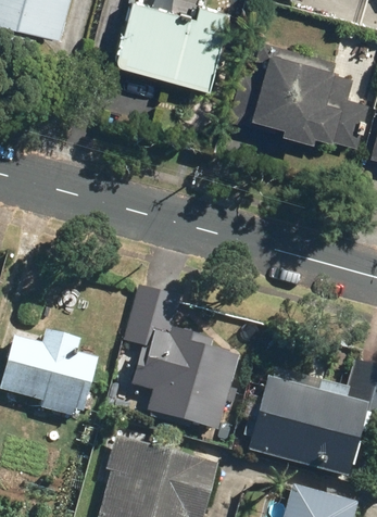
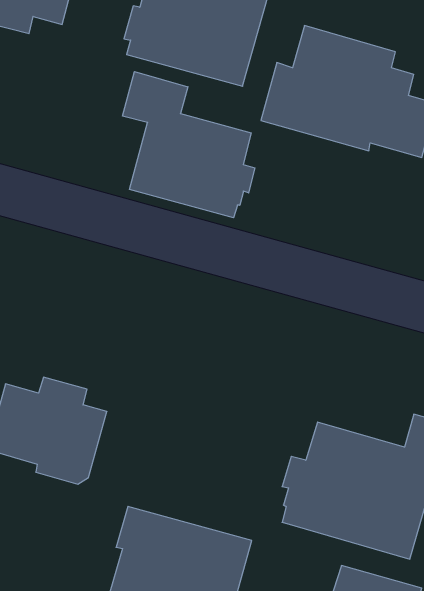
building: none -> [123,72,255,218]
building: [123,286,241,432] -> none

